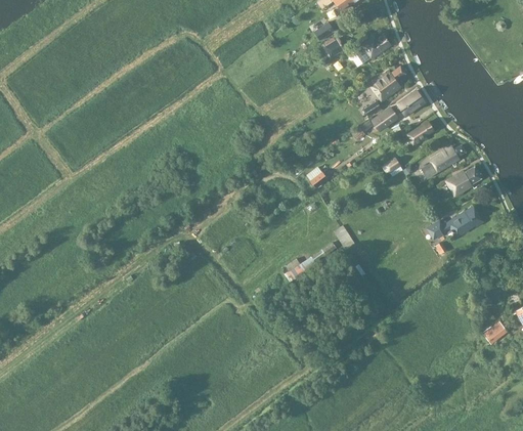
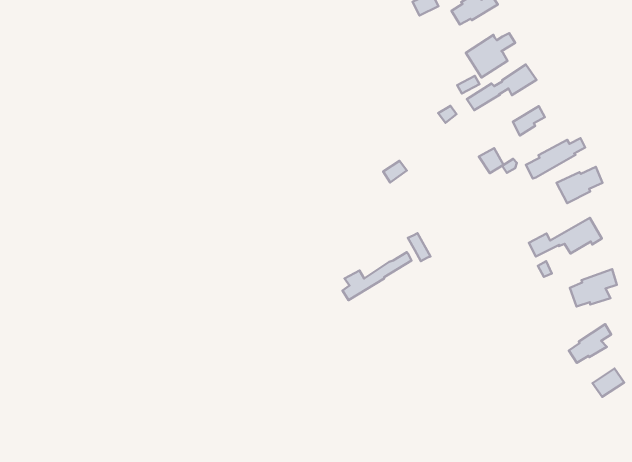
building: none -> [570,269,617,306]
building: none -> [569,324,611,363]

